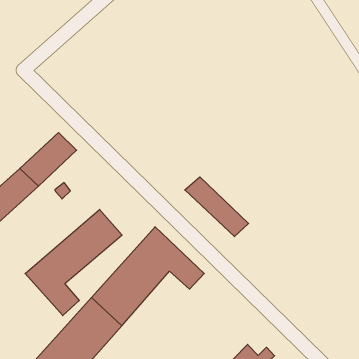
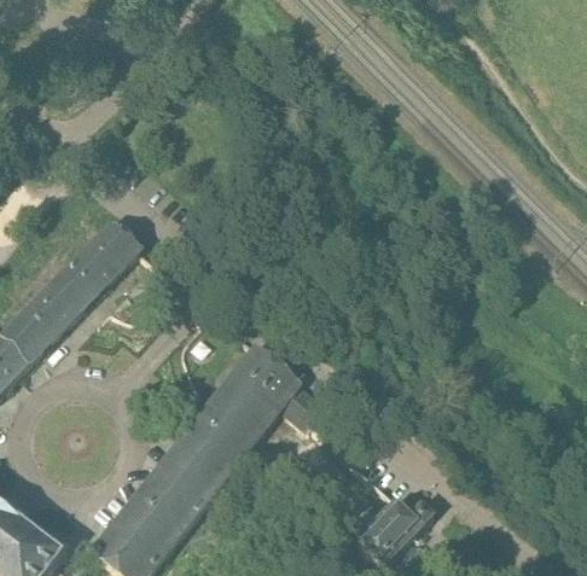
building: [185,177,249,237] -> none
building: [25,209,122,316] -> none

